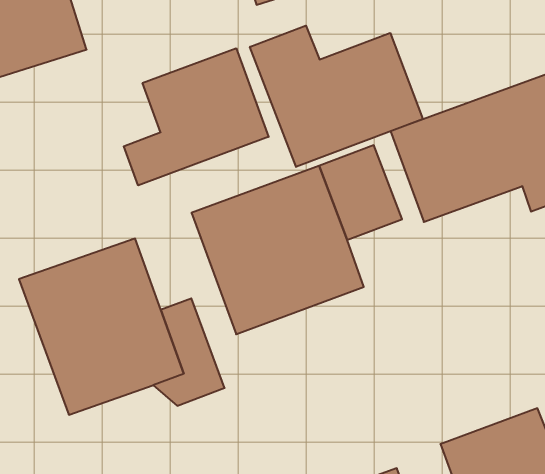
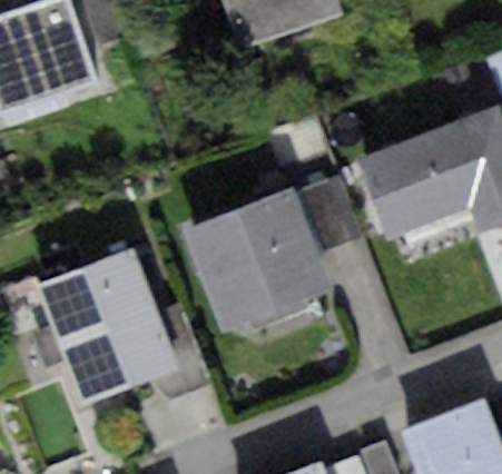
building: [250,26,423,167] -> none
building: [124,48,269,185] -> none

